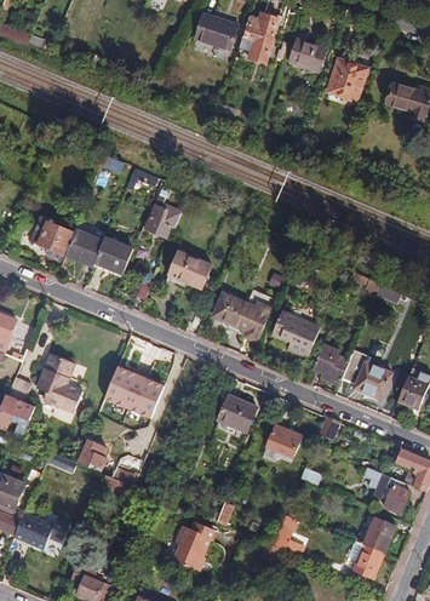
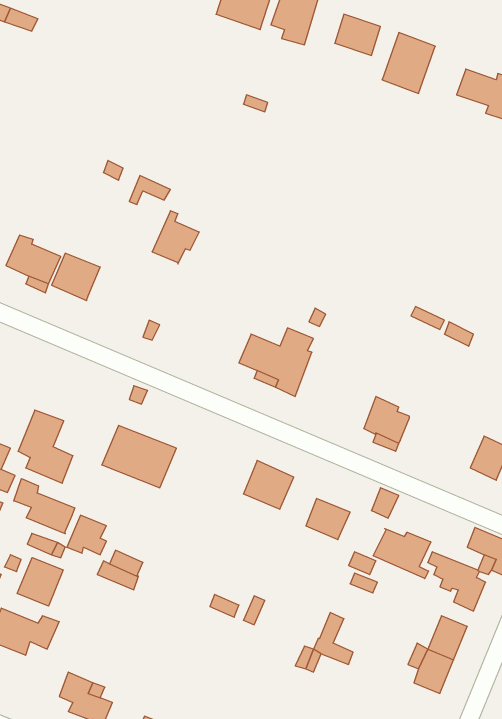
building: [93,236,133,275] -> none
building: [166,251,212,291] -> none
building: [271,310,320,356] -> none
building: [342,350,391,399] -> none
building: none -> [14,479,75,534]
building: none -> [373,529,431,579]
building: none -> [17,558,63,606]
building: [173,519,211,571] -> none

